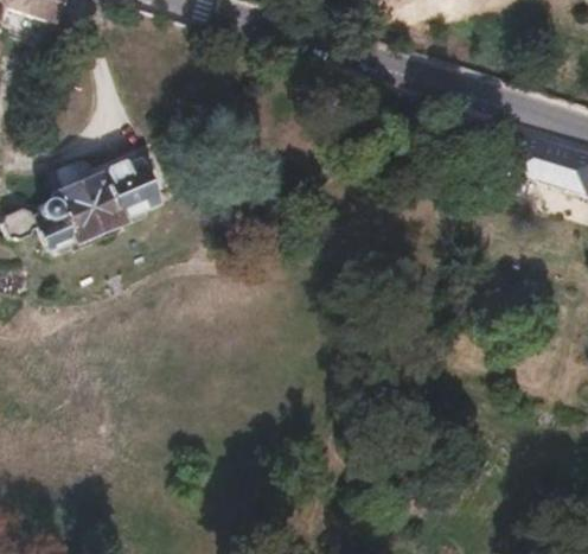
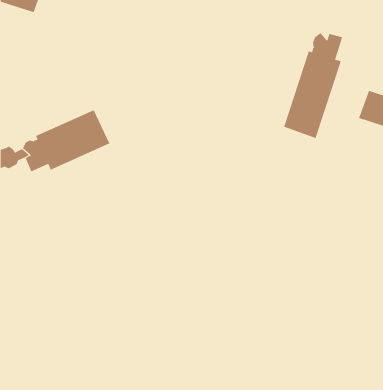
building: none -> [284,32,343,139]

